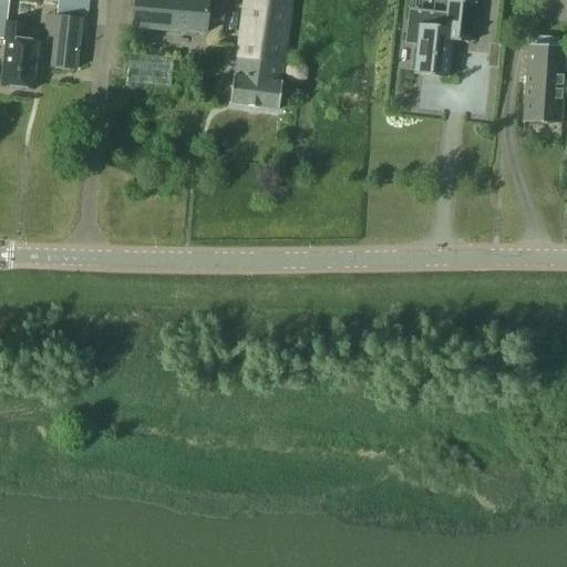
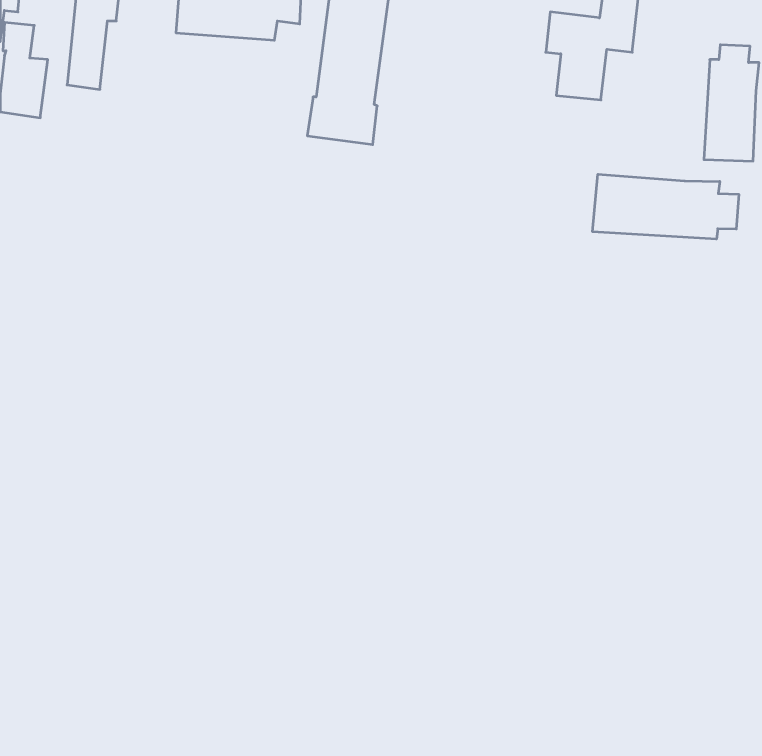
building: none -> [593,174,739,239]

